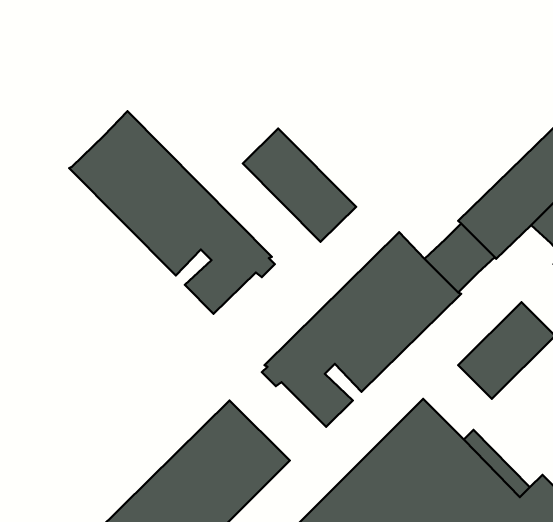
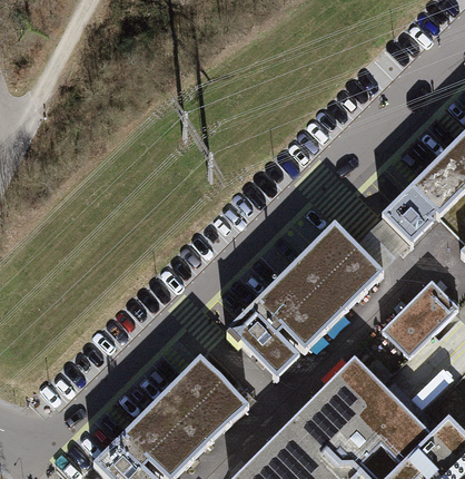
building: [69,111,275,314] -> none
building: [243,128,356,242] -> none

